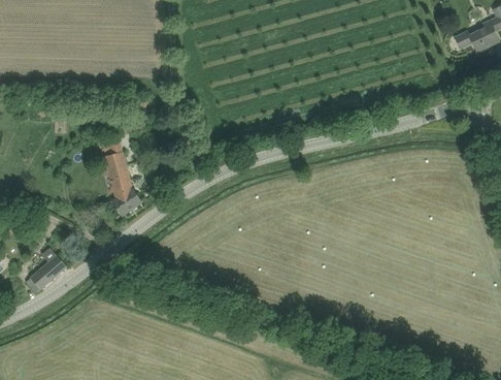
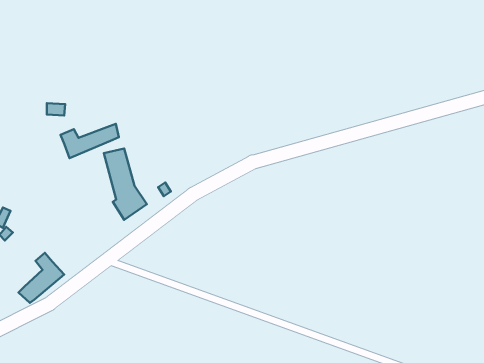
building: none -> [60,124,119,158]

